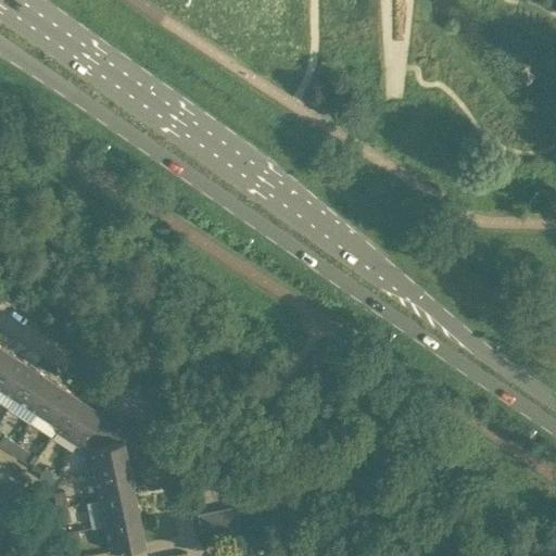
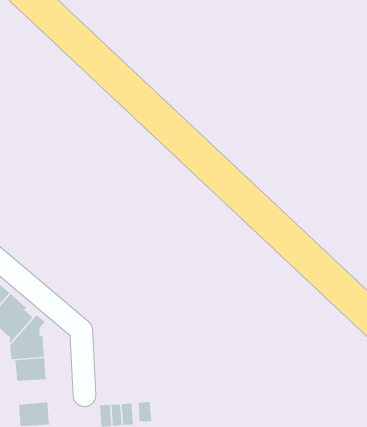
building: [98,493,138,526] -> none

